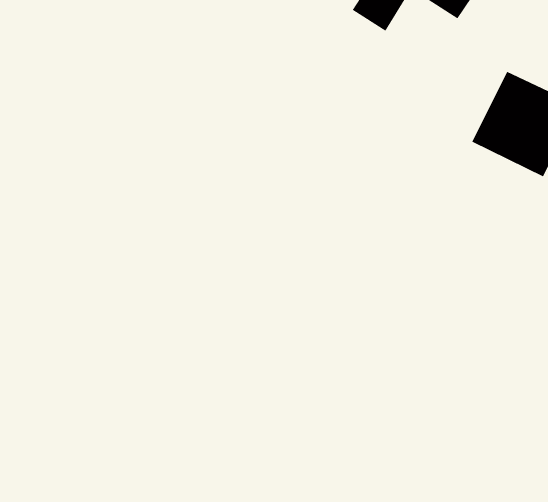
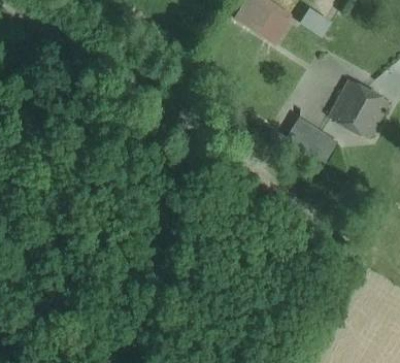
building: none -> [286,118,337,163]

